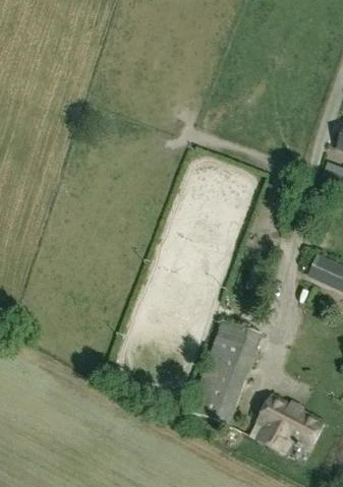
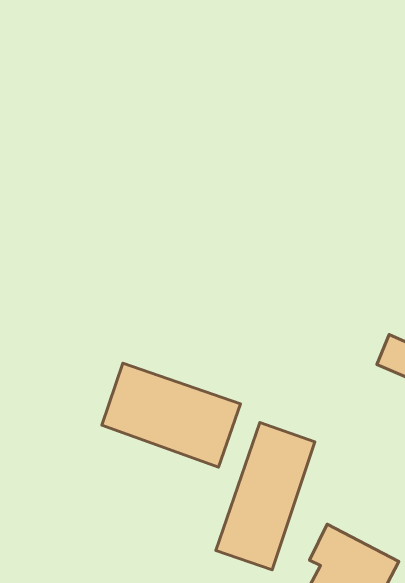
building: none -> [102,363,240,467]

